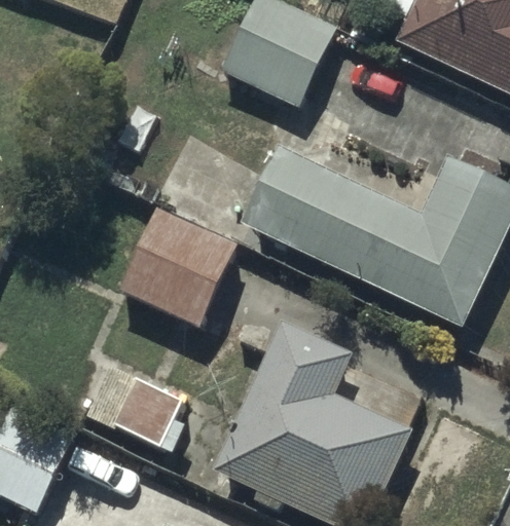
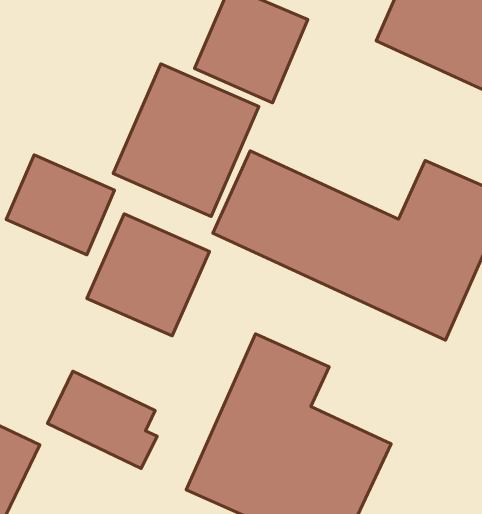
building: none -> [113,64,259,217]
building: none -> [6,155,115,255]

